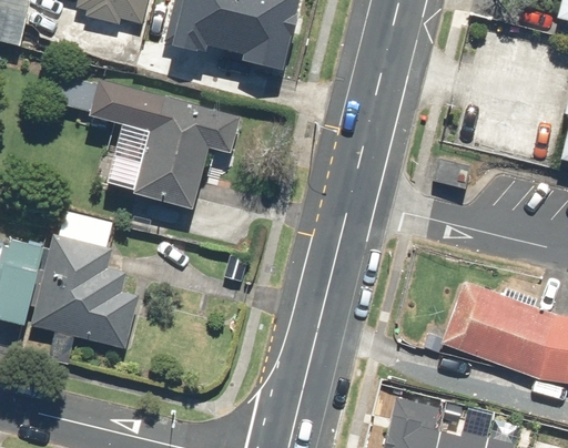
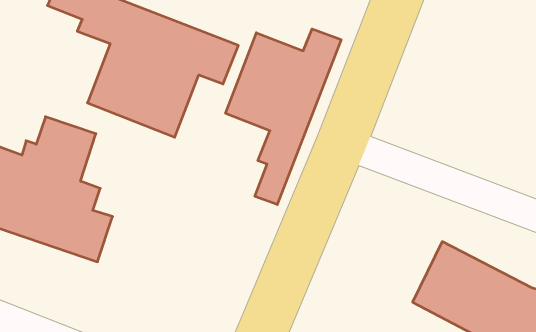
building: none -> [226,29,341,205]

